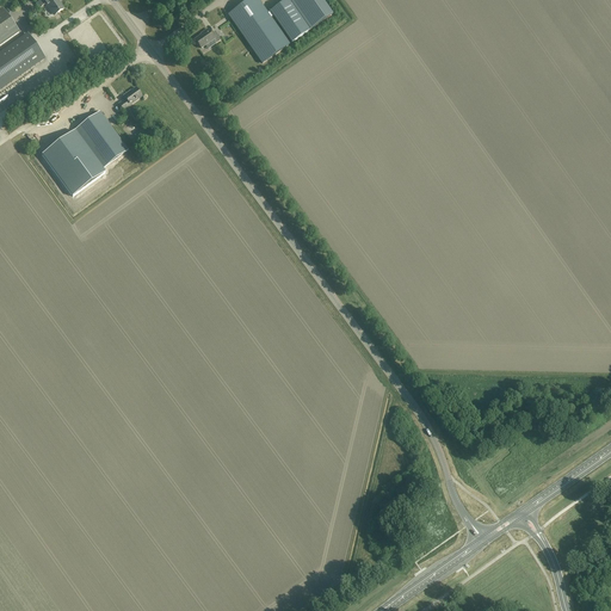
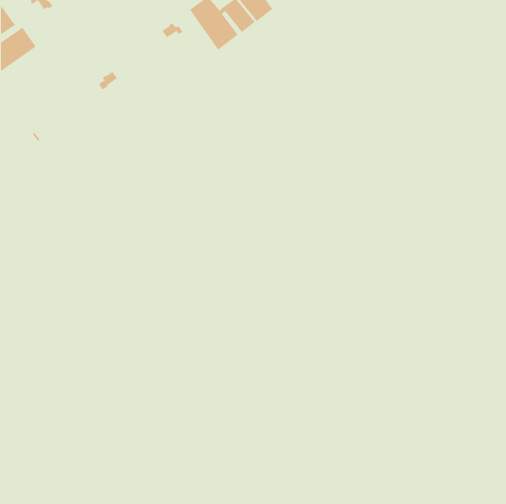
building: [44,111,126,183] -> none

